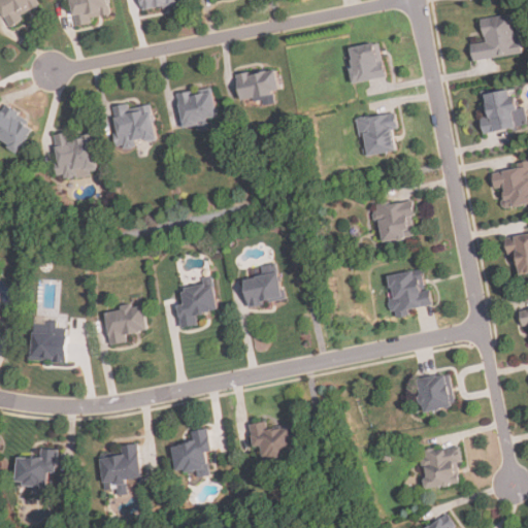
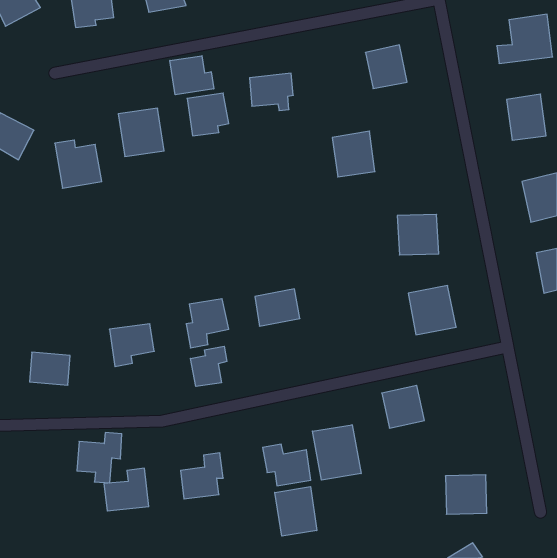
building: none -> [170,56,214,95]
building: [356,112,396,156] -> [332,131,375,177]
building: none -> [190,346,227,386]
building: [414,373,454,414] -> [382,385,424,428]
building: none -> [312,425,361,480]
building: [13,447,56,494] -> [77,433,122,483]
building: none -> [275,487,317,536]

